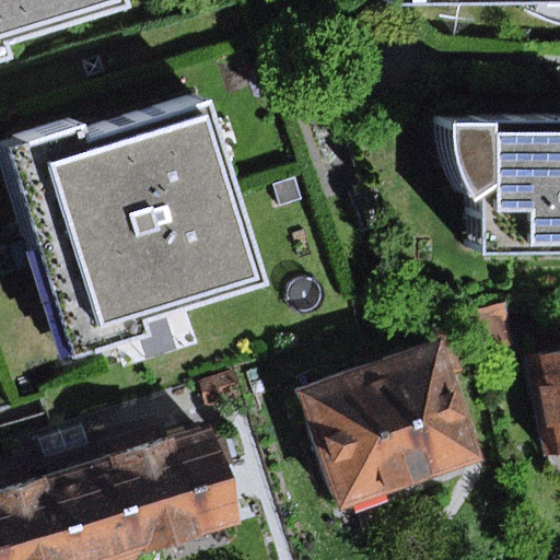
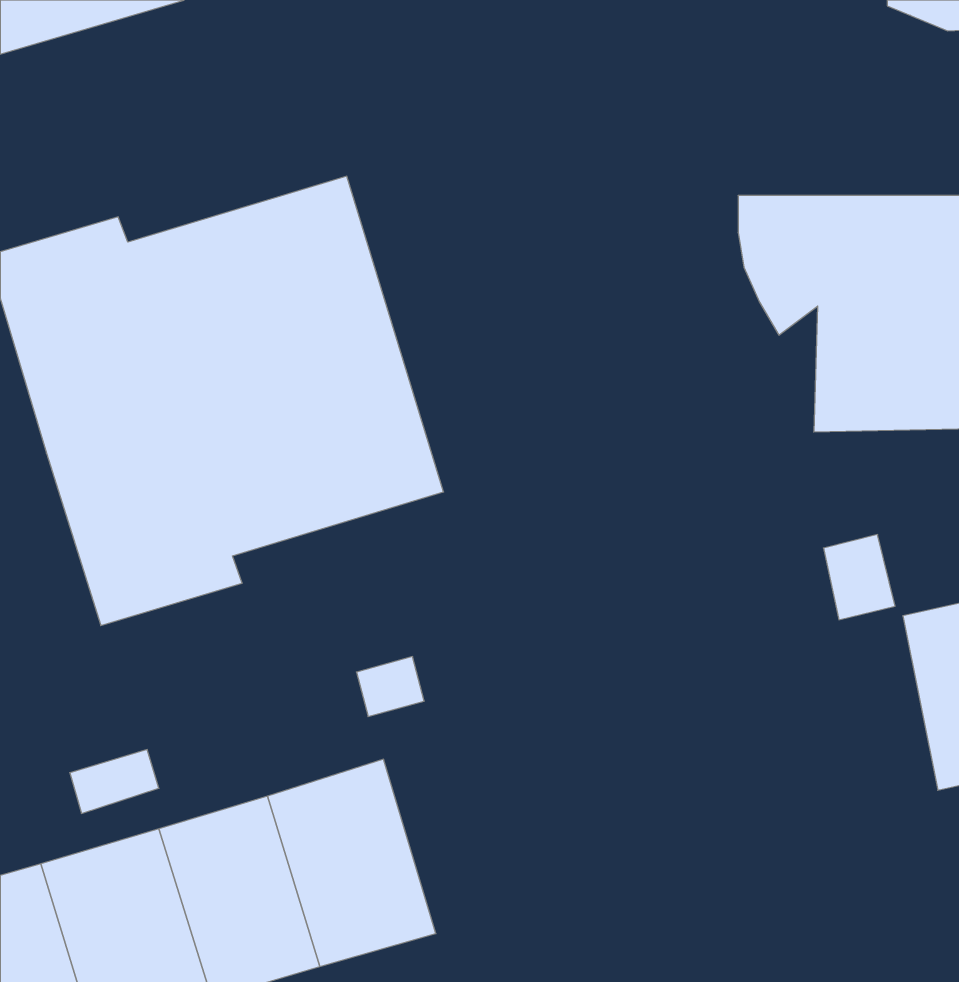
building: [290,337,471,503] -> none

